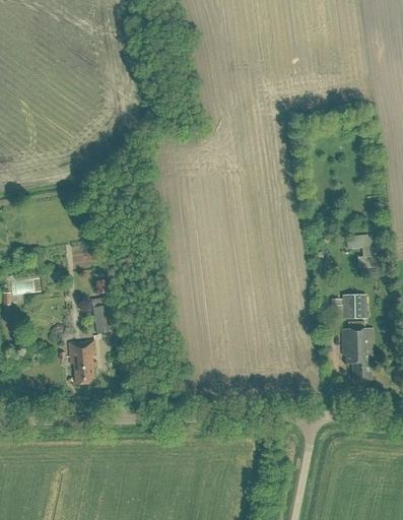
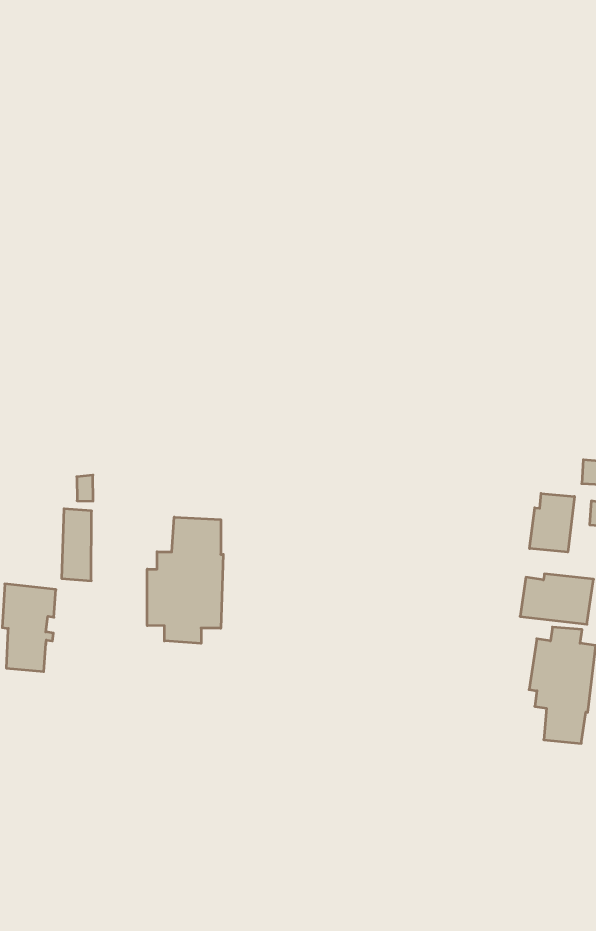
building: none -> [530,493,574,552]
building: none -> [147,517,223,643]

